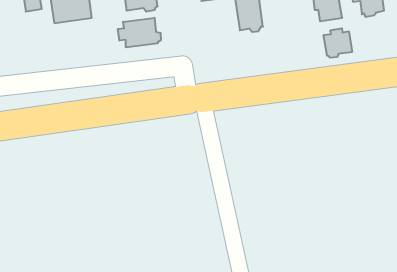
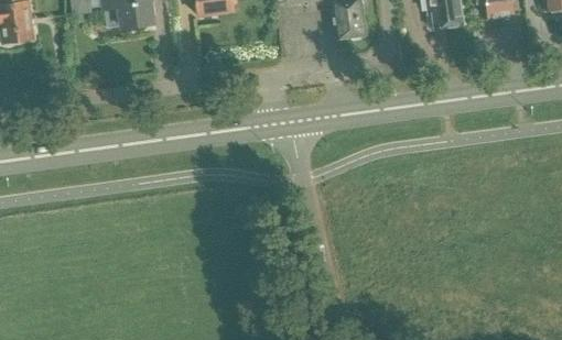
building: [118,18,161,47] -> none
building: [324,28,352,58] -> none

